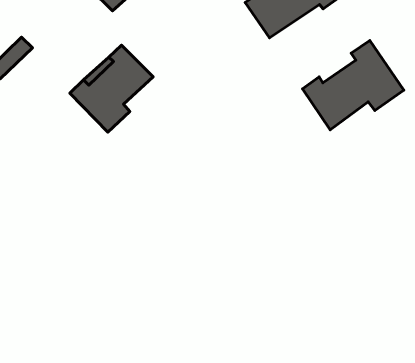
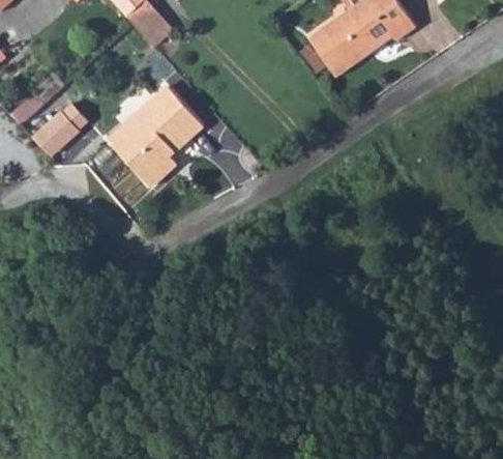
building: [303,41,404,130] -> none
building: none -> [39,99,95,154]

